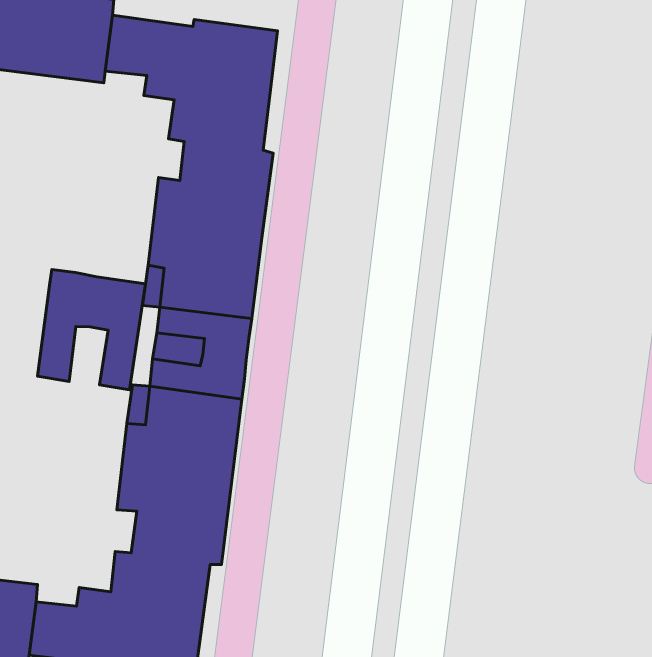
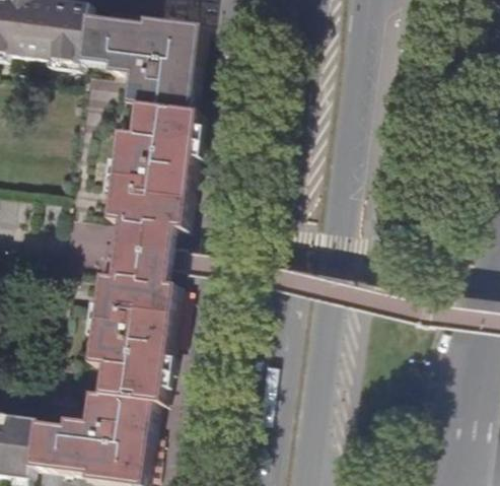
building: [37,269,146,390] -> none

